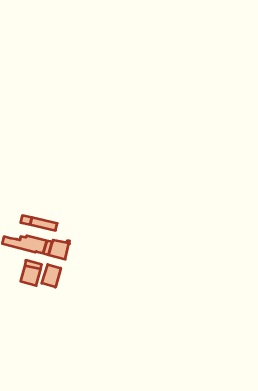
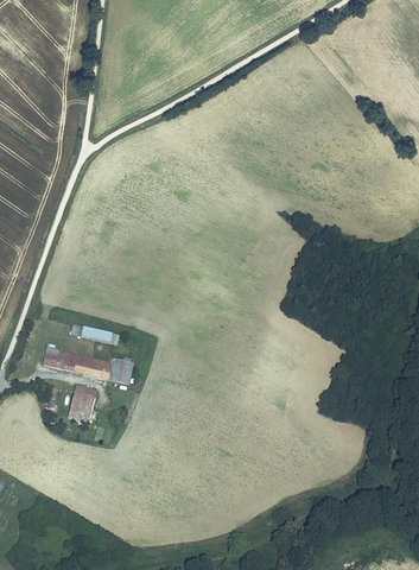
building: [42,264,61,287] -> none

